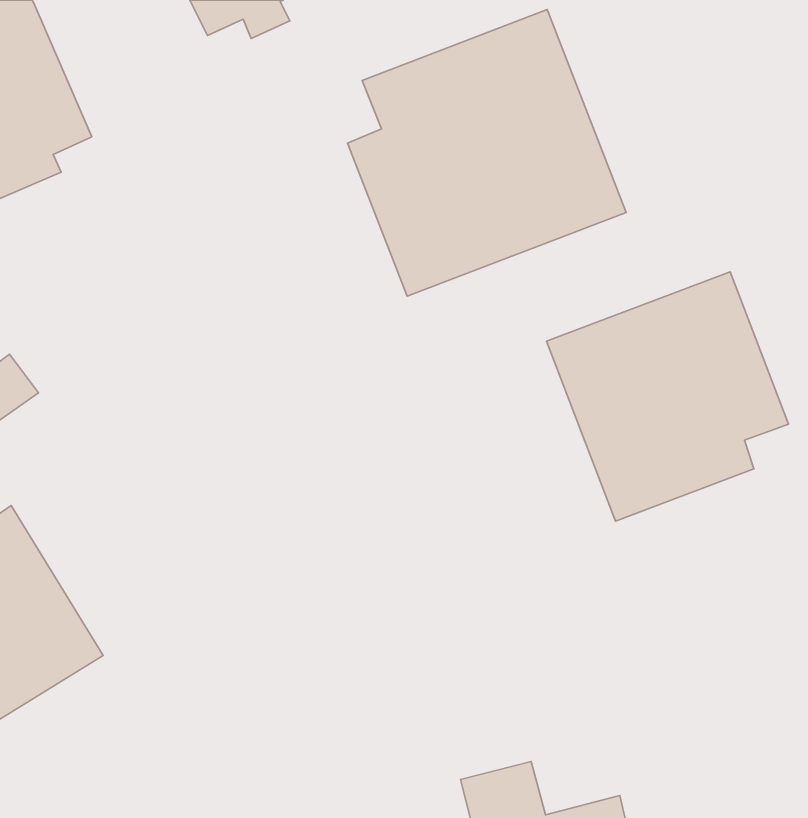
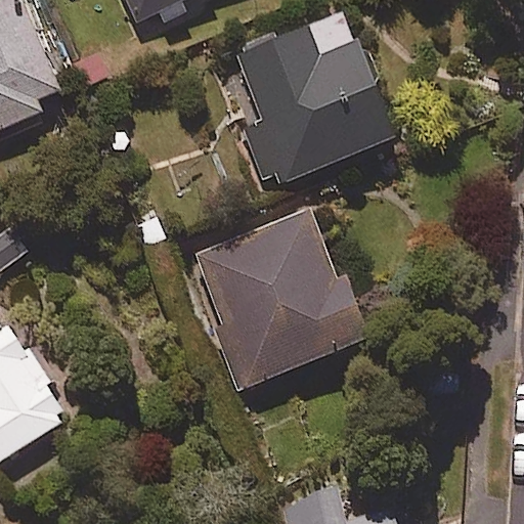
building: [547,272,788,521] -> none
building: none -> [193,209,370,386]

